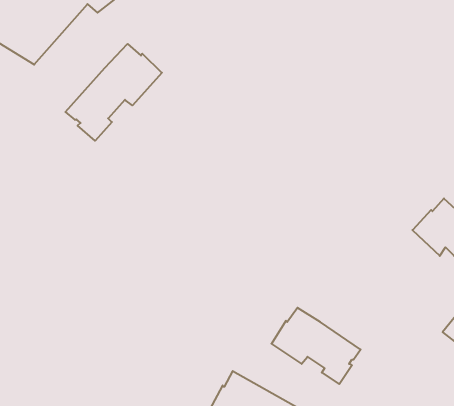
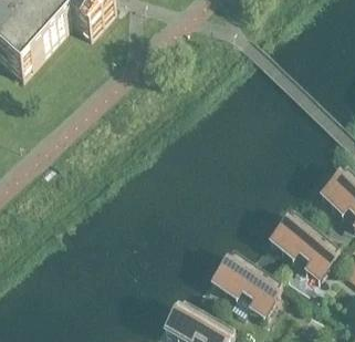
building: [65,44,162,141] -> none
building: none -> [269,216,337,278]

